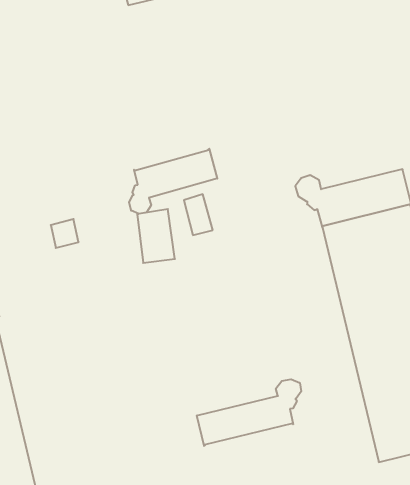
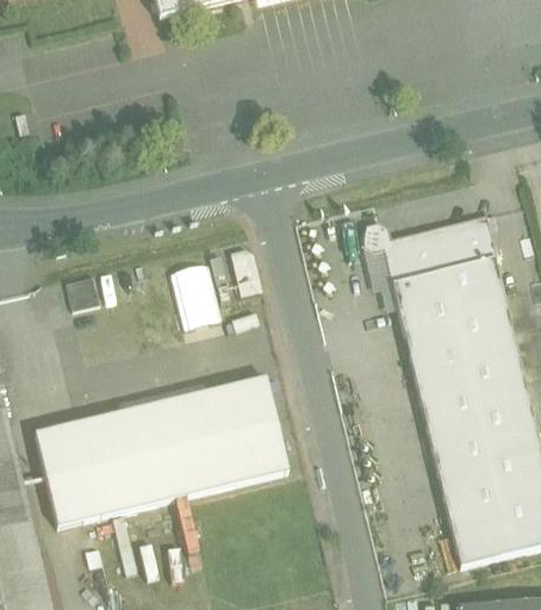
building: [129,149,217,214] -> none
building: none -> [32,378,286,527]
building: [197,379,301,446] -> none

